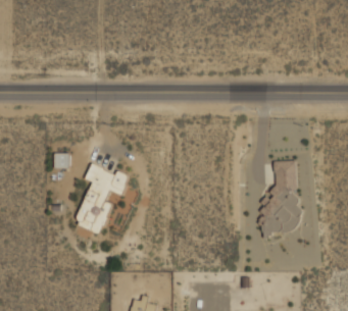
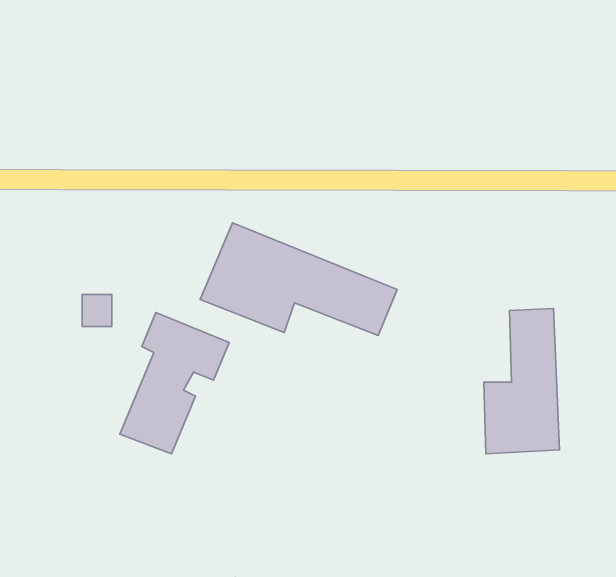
building: none -> [200,223,397,335]

